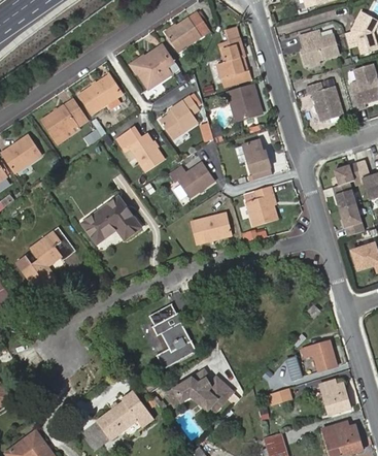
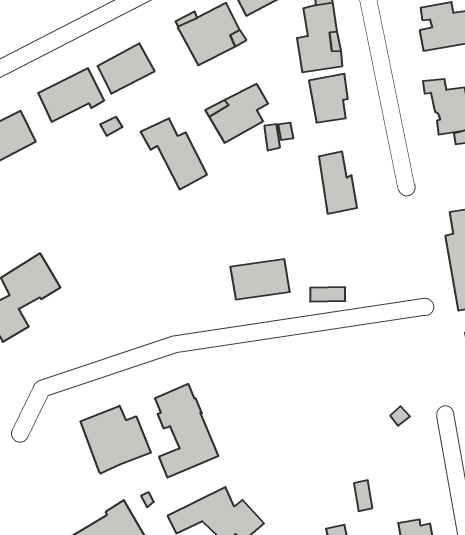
building: [167,162,213,197] -> none
building: [243,185,274,227] -> none
building: [83,197,141,243] -> none
building: none -> [80,406,151,474]
building: [302,341,337,370] -> none

